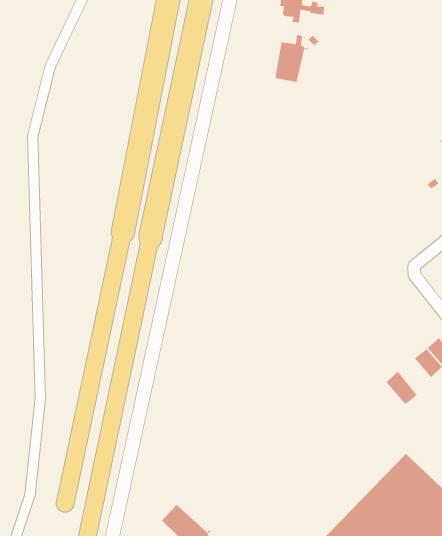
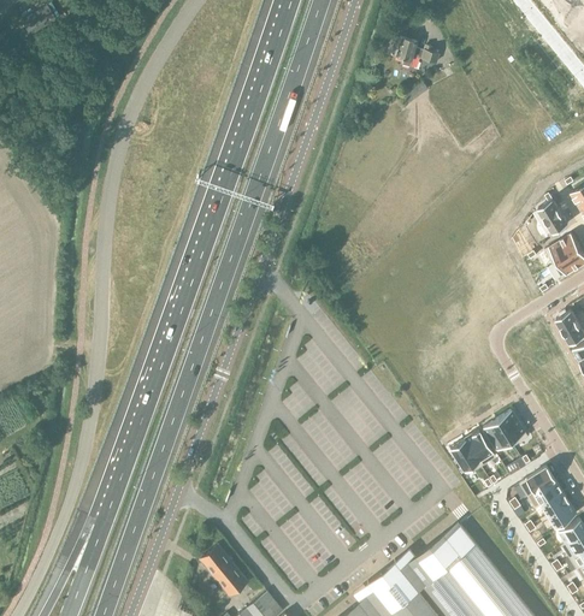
building: [275,34,309,83] -> none
building: none -> [465,431,496,467]

